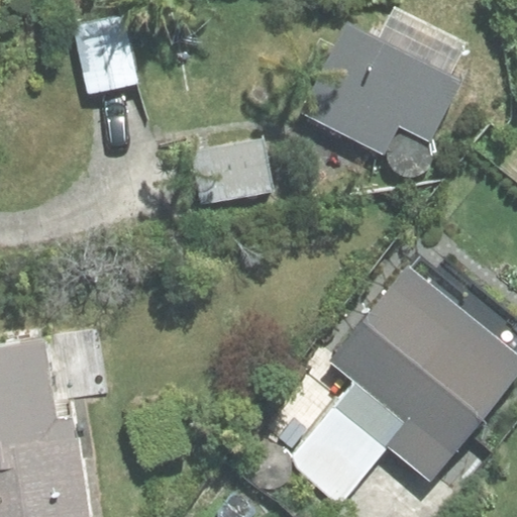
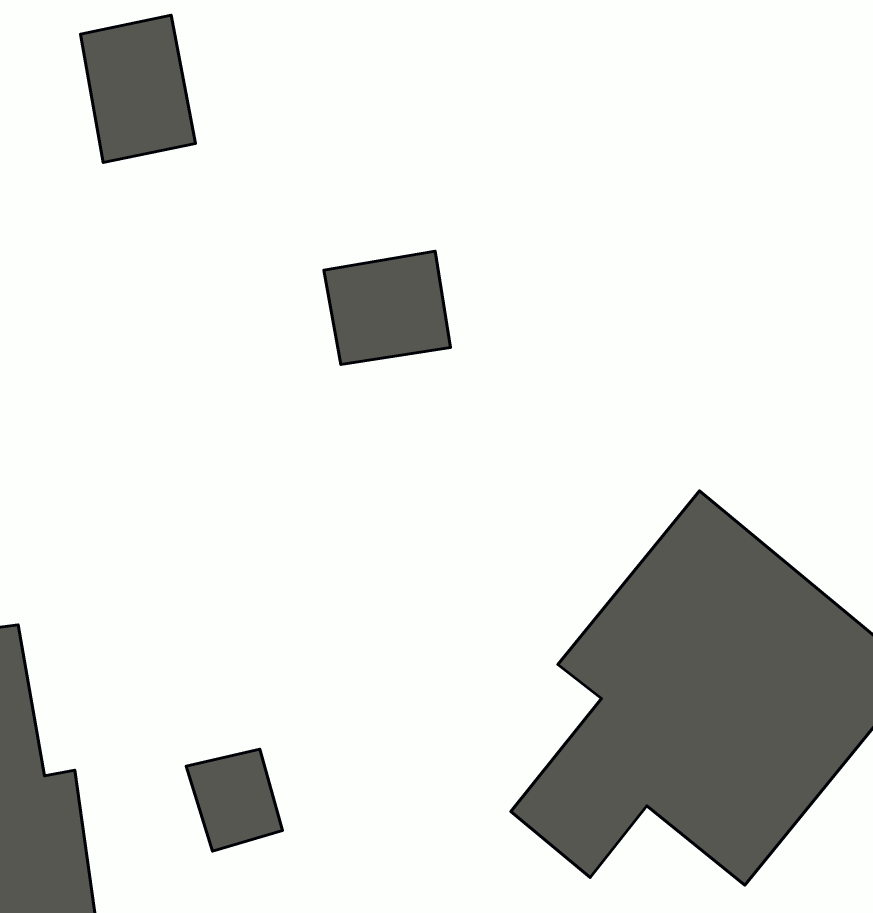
building: [301,21,460,154] -> none

